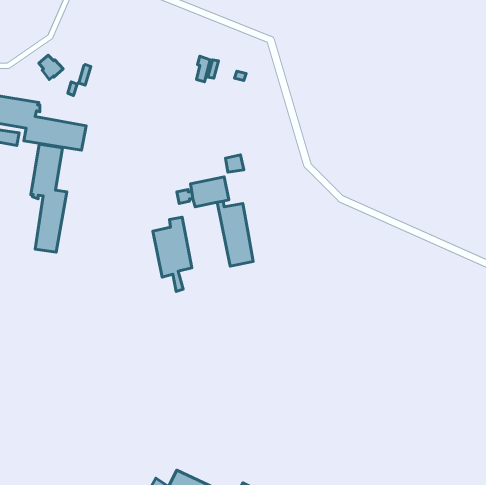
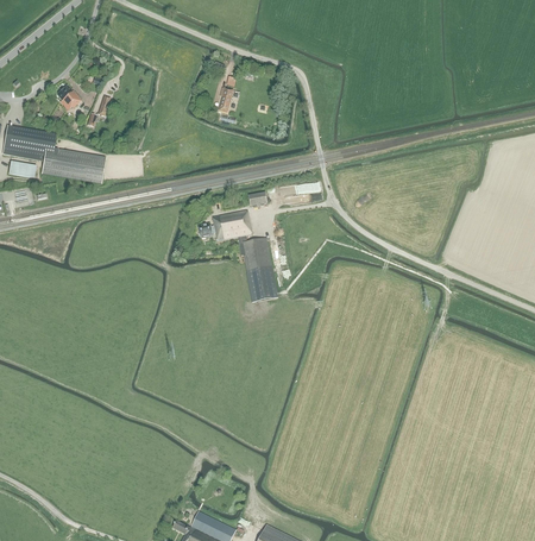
building: [31,144,67,252] -> none
building: [153,217,192,291] -> none

